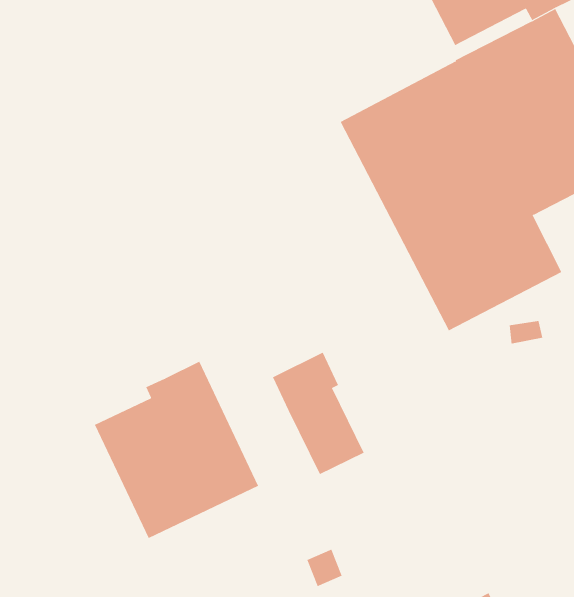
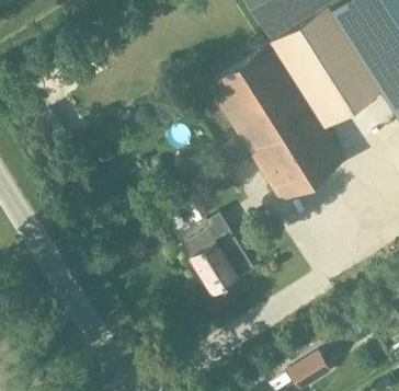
building: [94,361,259,539] -> none

